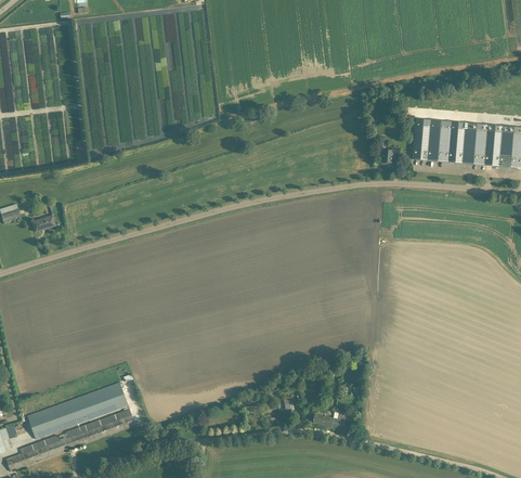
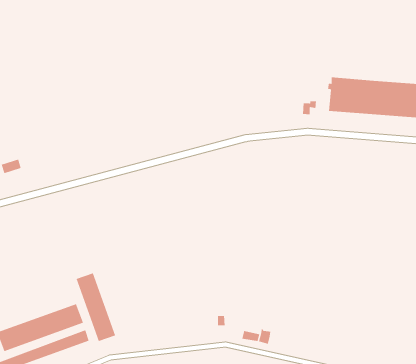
building: none -> [76,272,116,342]

